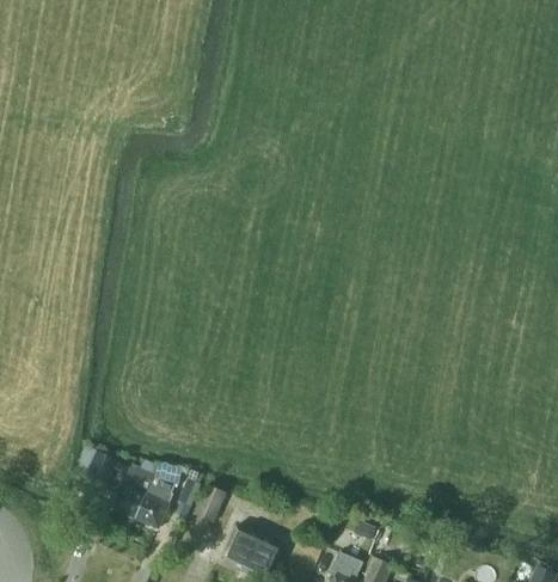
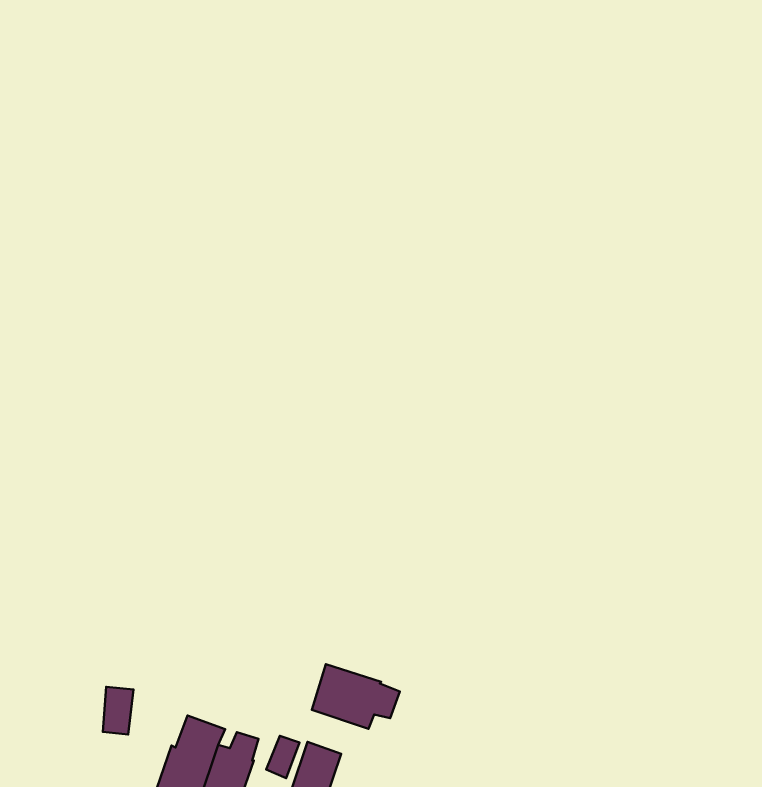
building: none -> [312,664,400,729]

